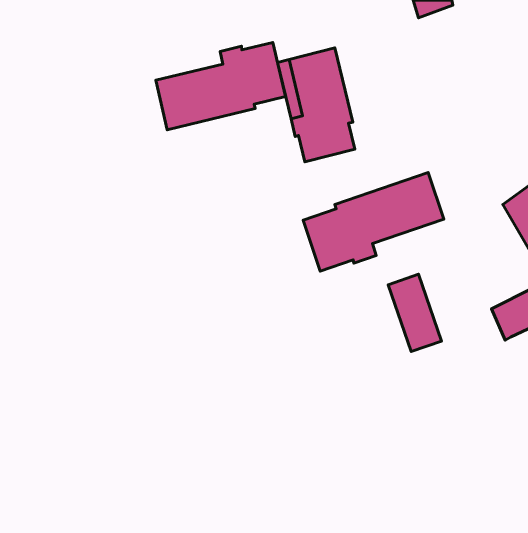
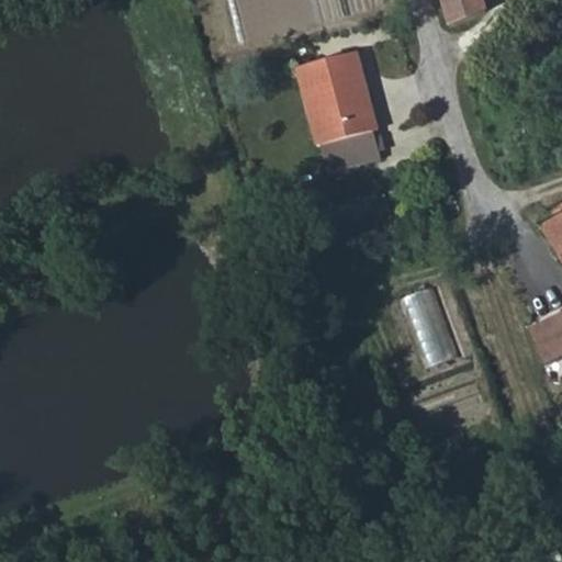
building: [156,42,285,130] -> none
building: [303,172,444,271] -> none

